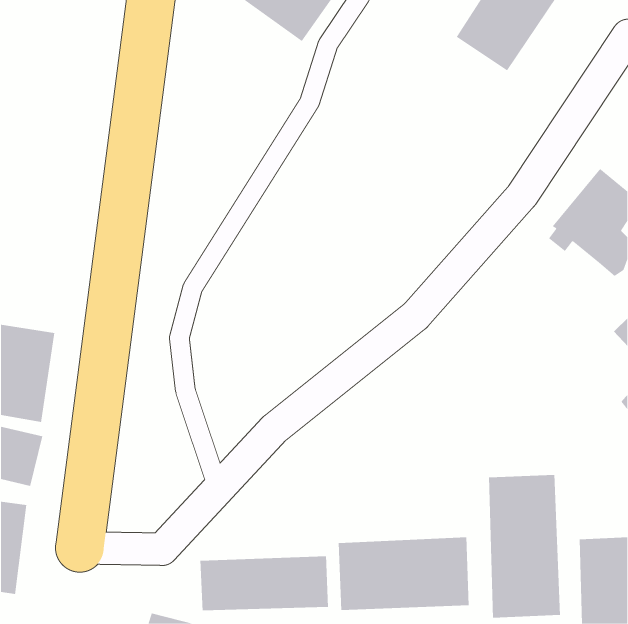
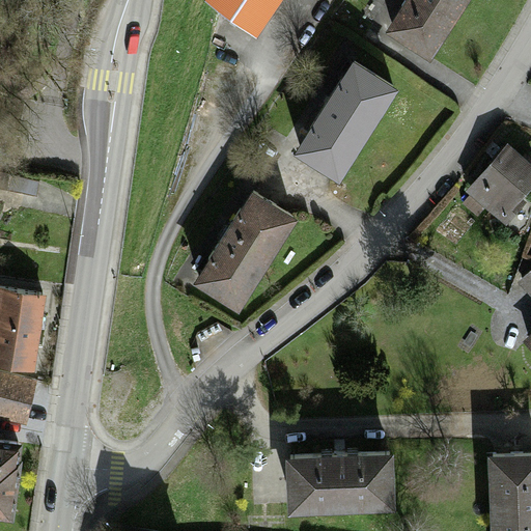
building: none -> [292,60,398,185]
building: none -> [192,190,299,313]
building: [488,474,560,618] -> none
building: [200,555,329,611] -> none

